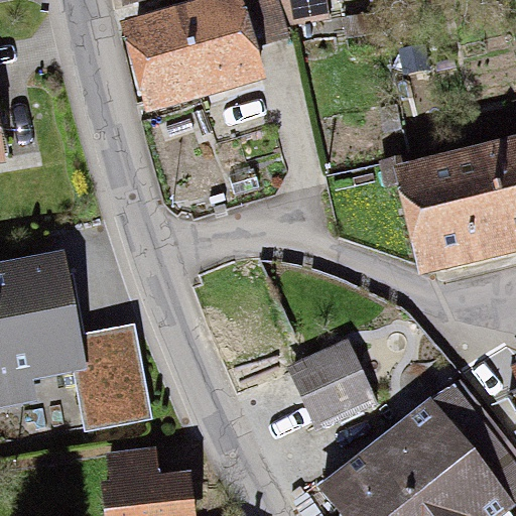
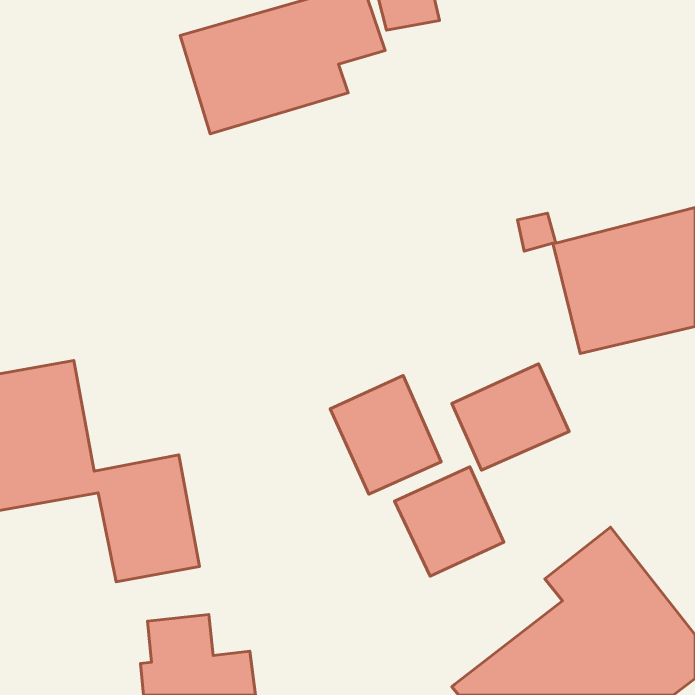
building: none -> [452,364,569,470]
building: none -> [330,375,441,494]

